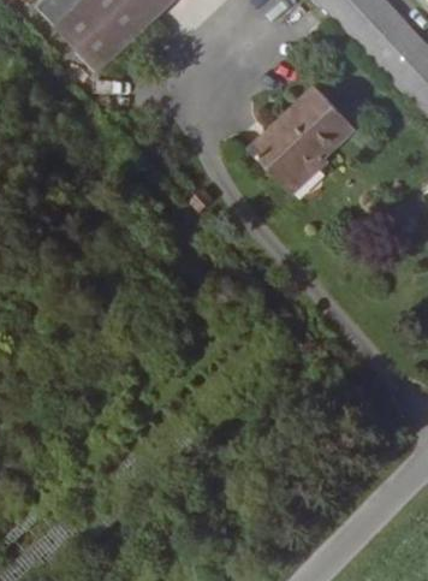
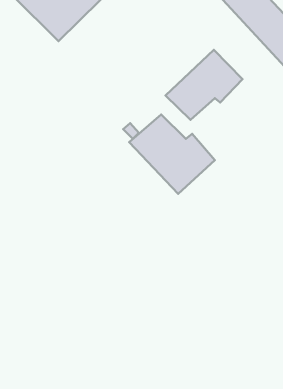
building: none -> [129,114,215,194]

